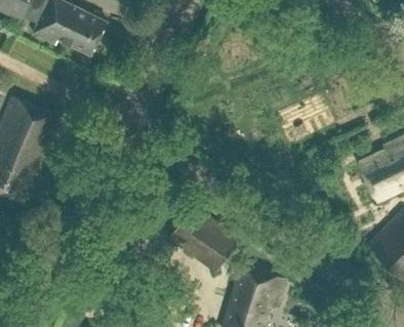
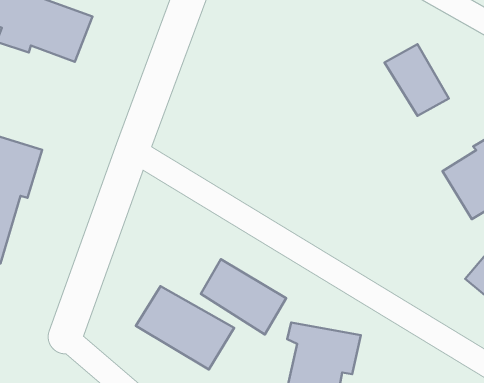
building: none -> [385,44,449,116]
building: none -> [136,286,234,369]

